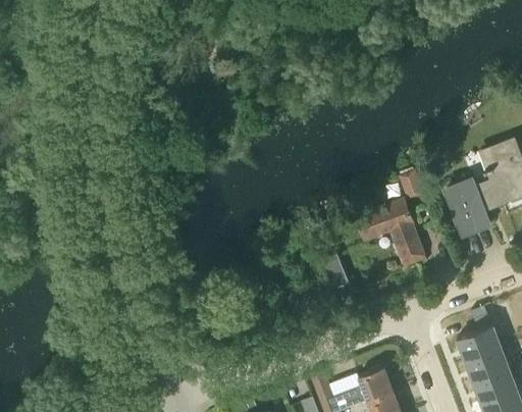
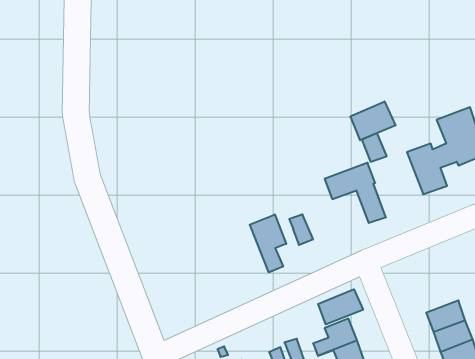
building: none -> [350,101,396,140]
building: none -> [250,214,286,272]
building: [458,326,501,361] -> none
building: none -> [318,289,363,324]

